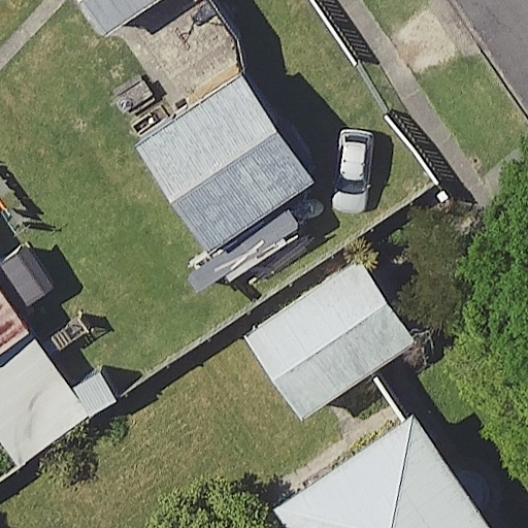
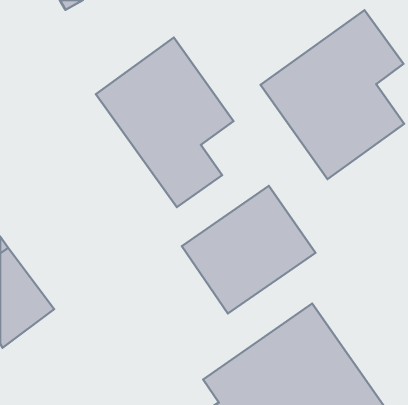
building: none -> [260,10,404,179]

